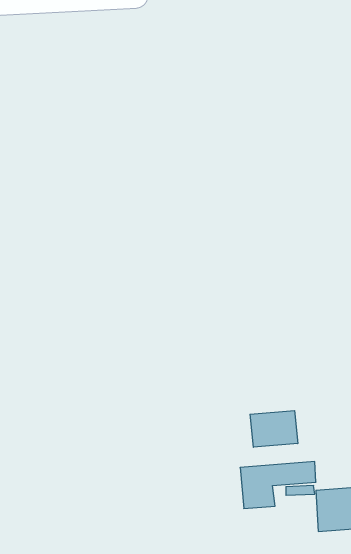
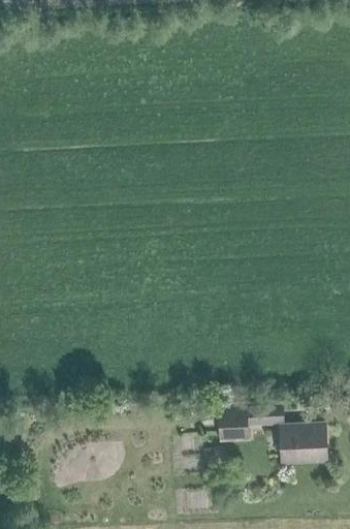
building: [250,411,298,447] -> none

